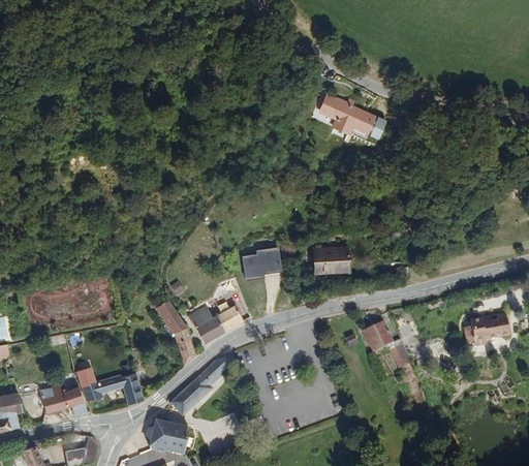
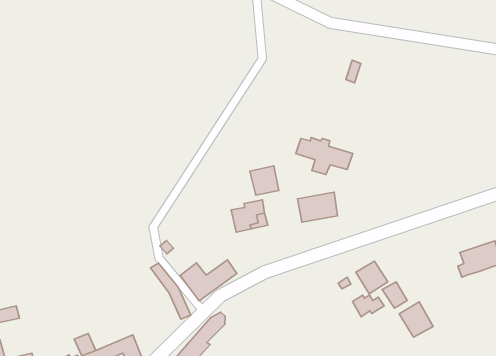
building: [319,95,376,133] -> [296,138,353,174]
building: none -> [250,166,279,195]
building: none -> [352,295,384,317]
building: none -> [399,302,433,337]

